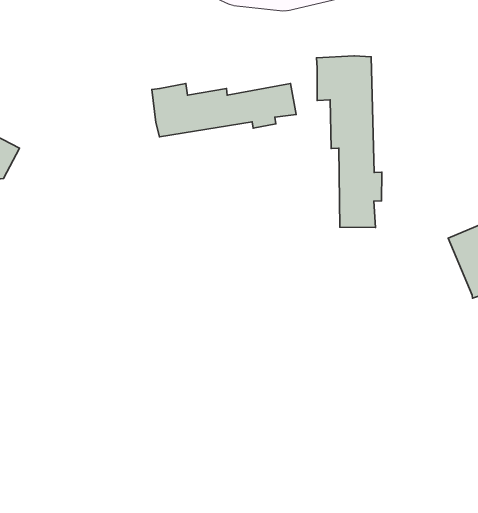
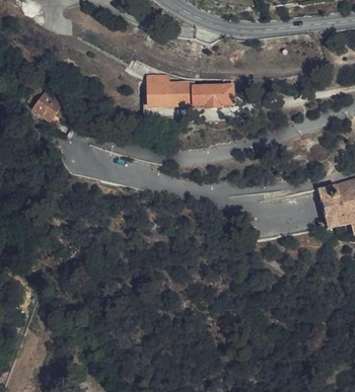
building: [317,56,382,227] -> none

